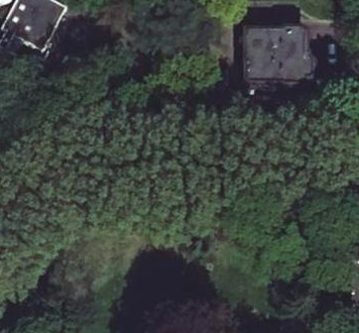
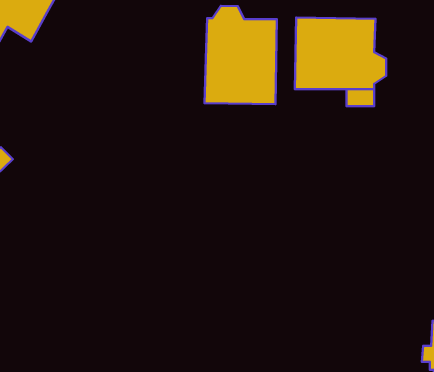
building: none -> [204,6,277,104]

